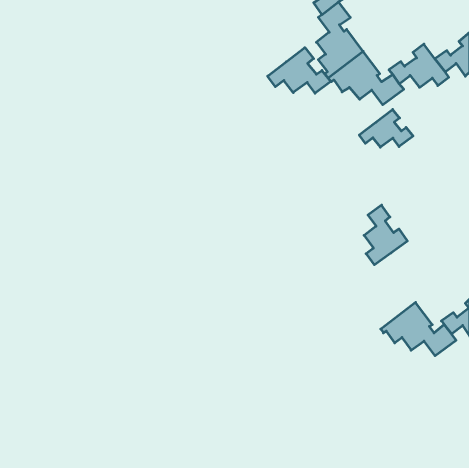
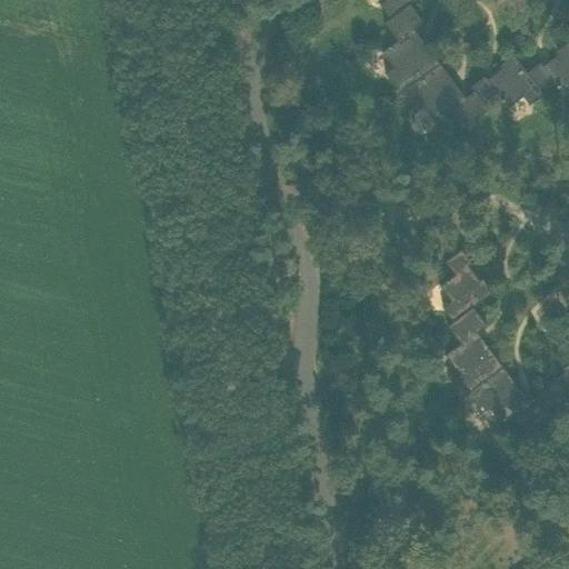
building: [268,48,331,93] -> none
building: [359,109,413,147] -> none
building: none -> [447,306,503,398]

